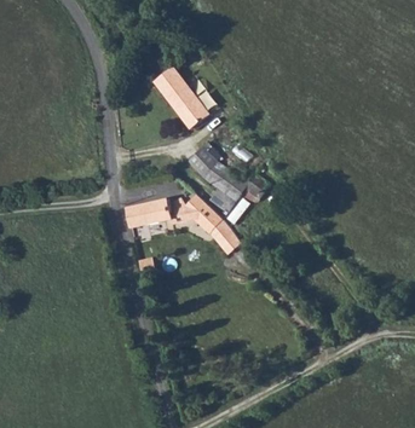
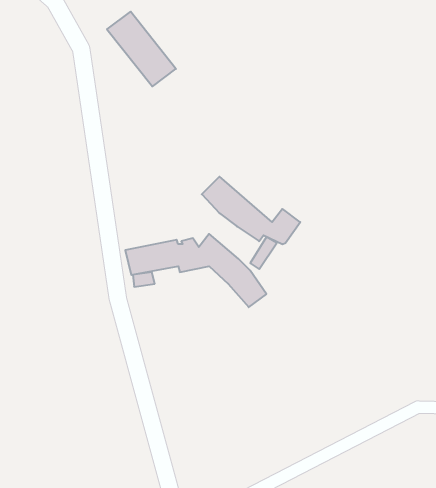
building: [151,66,208,128] -> [107,12,176,86]

